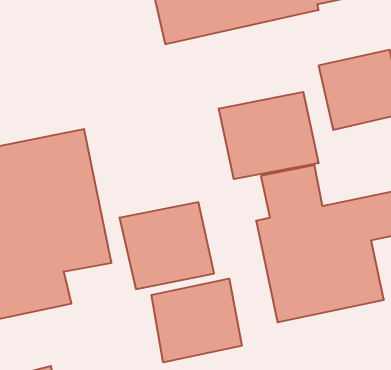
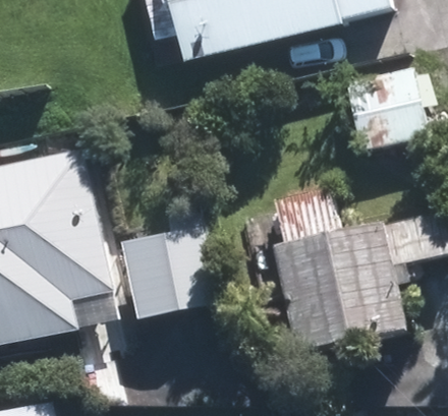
building: [219,92,319,179] -> none
building: [151,279,242,362] -> none

